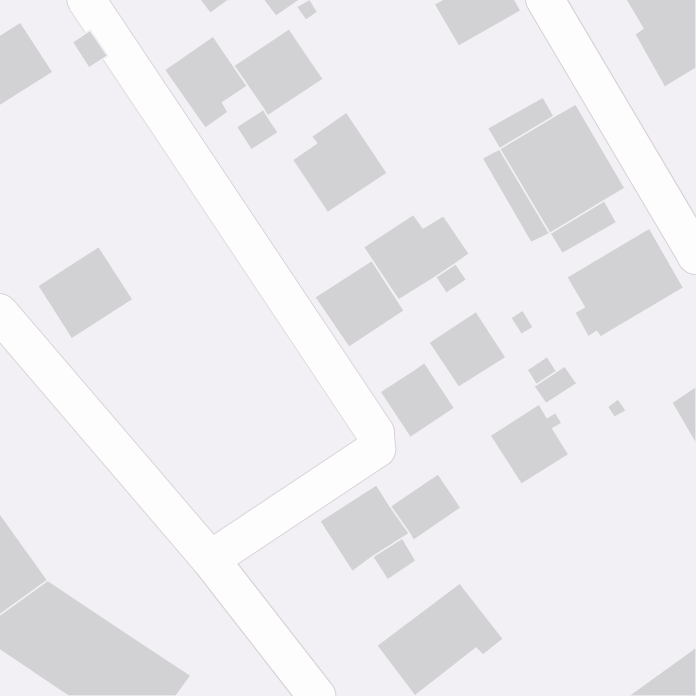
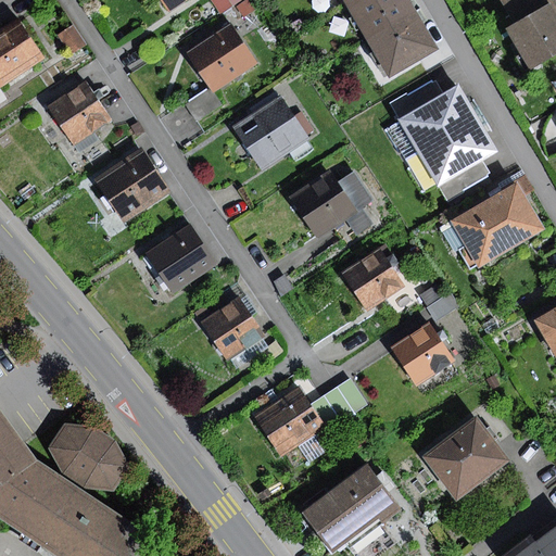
building: none -> [365,9,439,78]
building: [164,36,247,129] -> [46,78,112,152]
building: [38,246,133,339] -> [96,148,172,222]
building: [315,260,405,348] -> [144,223,216,292]
building: [380,362,455,438] -> none
building: none -> [201,296,263,358]
building: none -> [424,417,507,498]
building: none -> [48,425,129,495]

